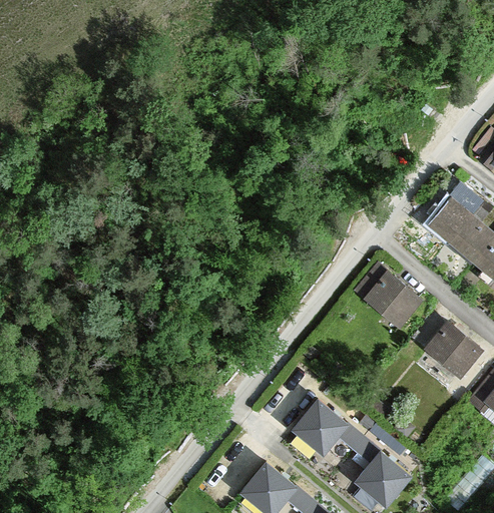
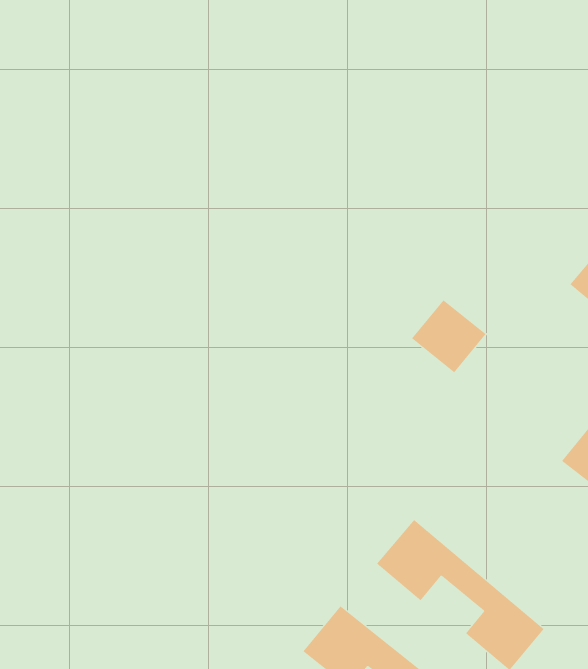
building: [368,275,422,328] -> [411,299,486,373]

